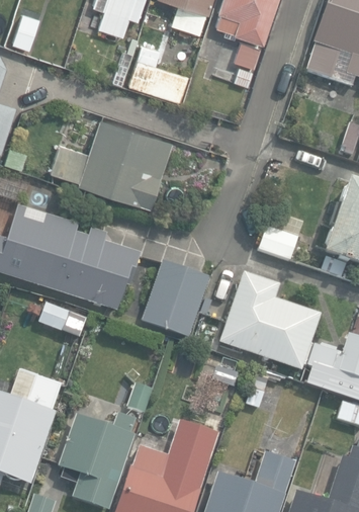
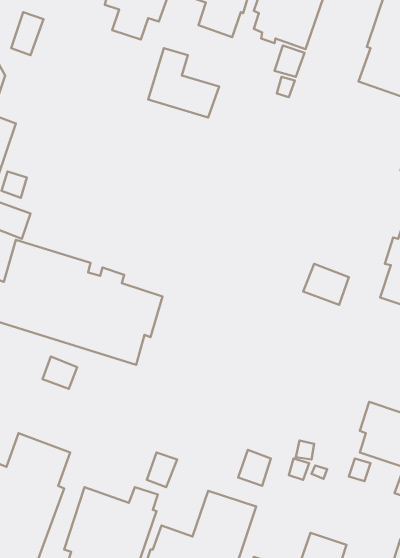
building: [52,117,173,207] -> none
building: [141,260,209,337] -> none
building: [219,271,321,370] -> none

